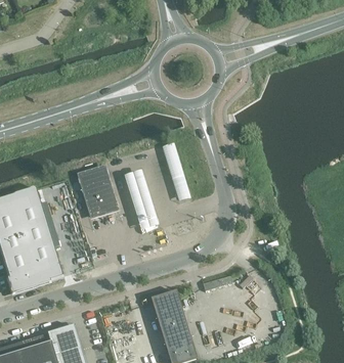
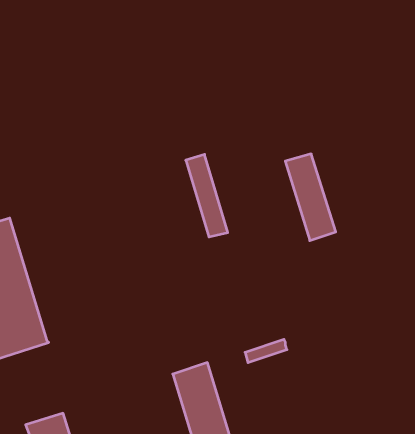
building: [79,166,116,215] -> none
building: [123,169,159,230] -> [285,154,336,241]

